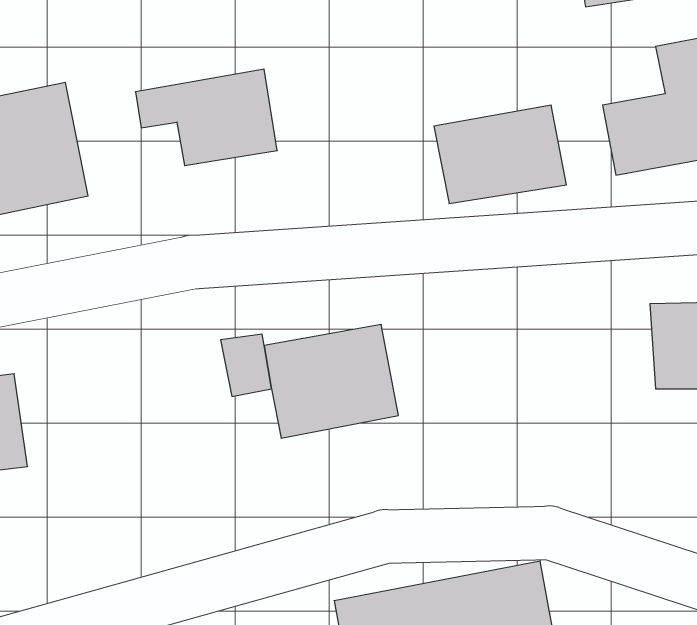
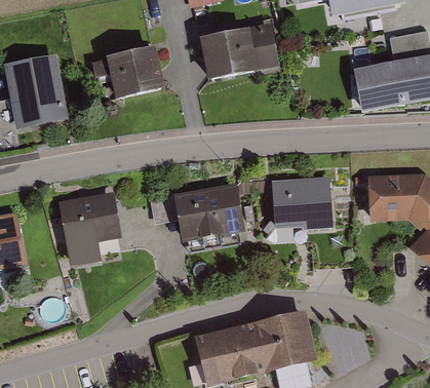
building: [434,105,566,204] -> [207,24,279,77]
building: none -> [276,181,333,232]
building: none -> [65,196,125,265]

